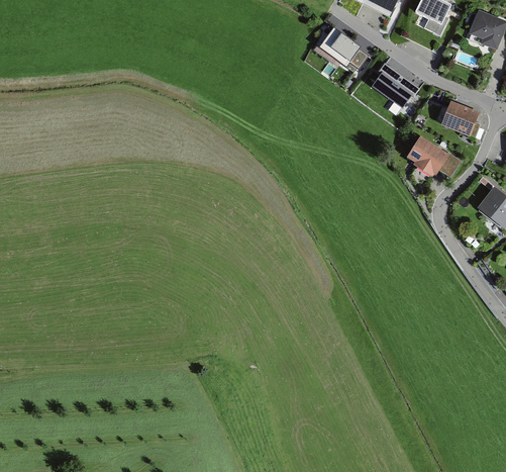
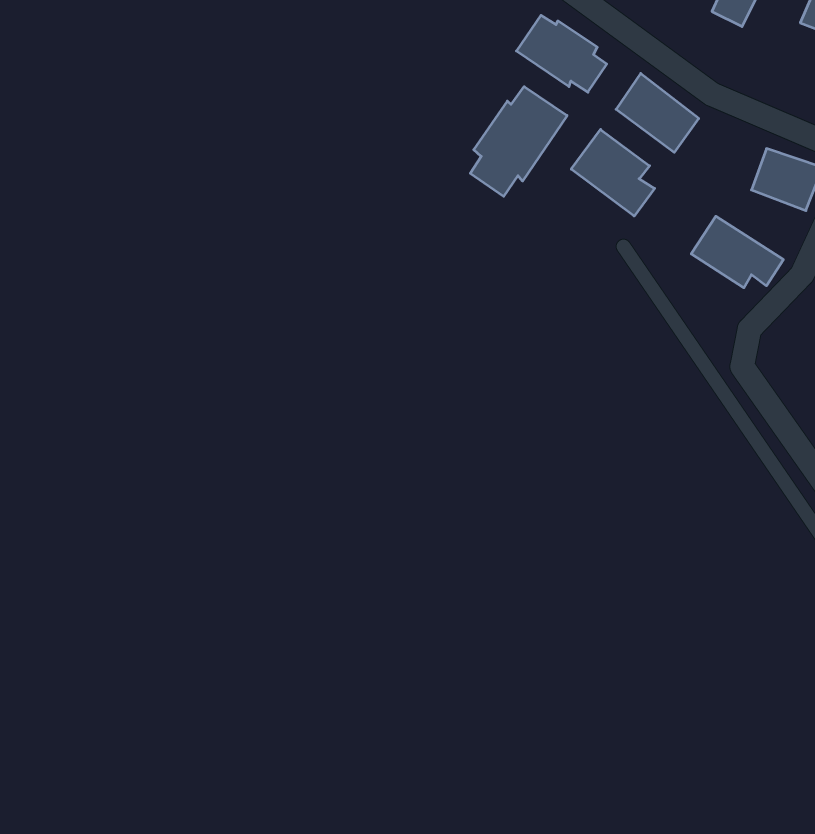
building: none -> [470,87,567,196]
building: none -> [571,129,655,216]

